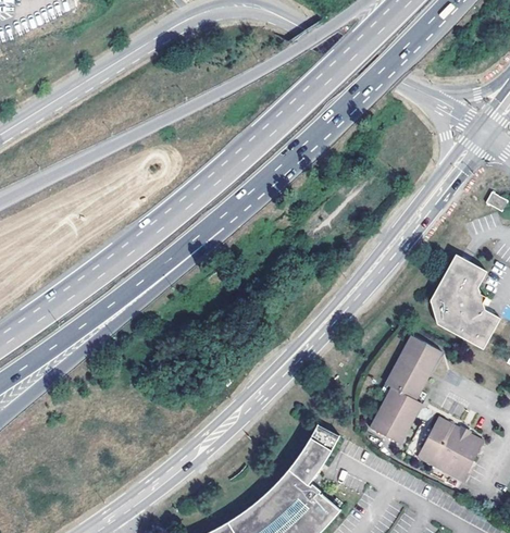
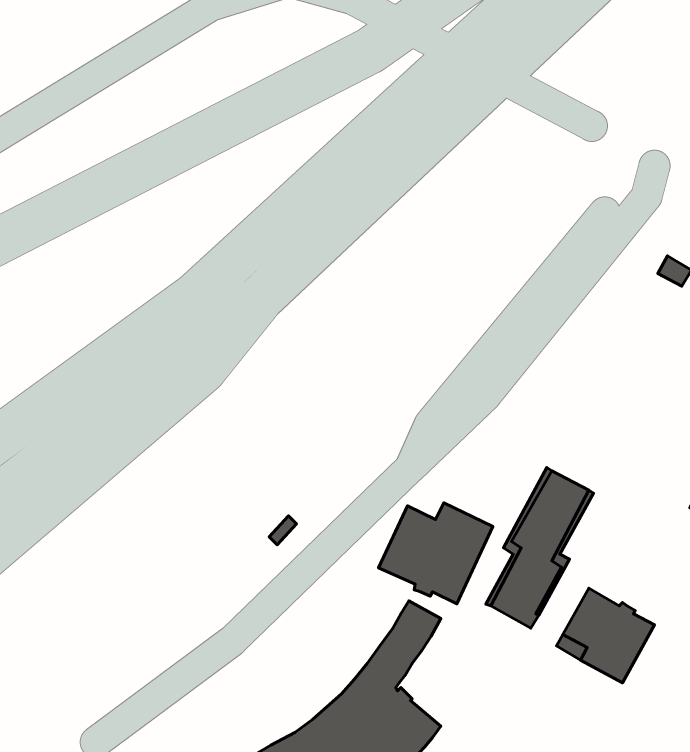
building: [431,255,500,349] -> none
building: none -> [378,503,493,604]

